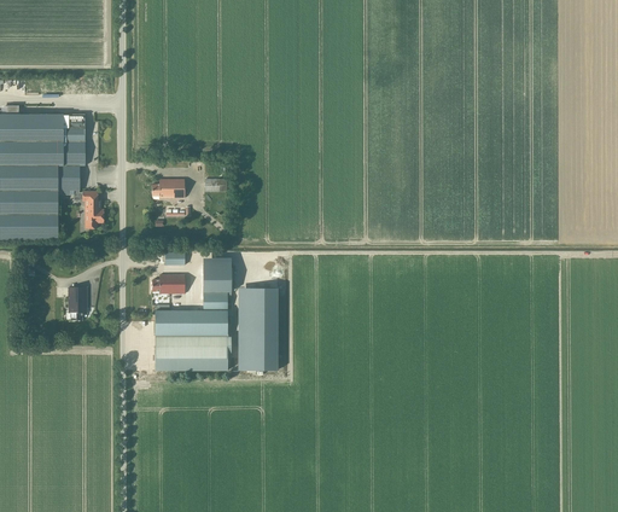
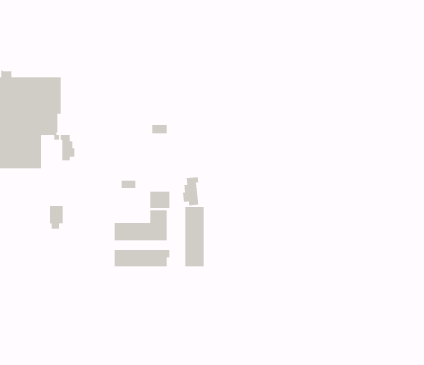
building: [151,179,183,197] -> none
building: none -> [182,176,199,206]
building: [152,274,185,292] -> none

